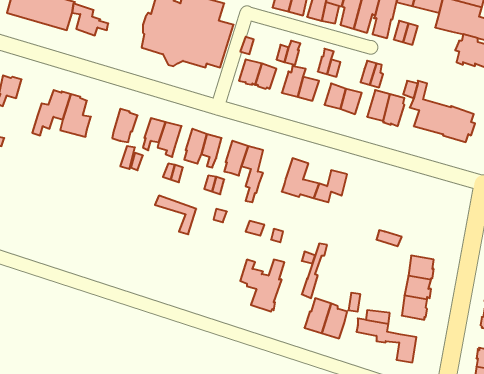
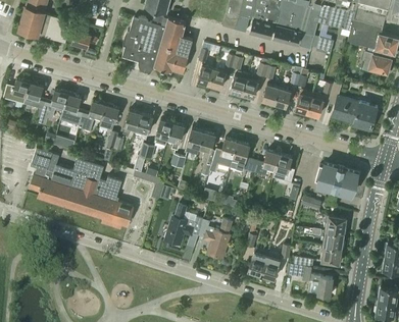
building: none -> [23,83,46,110]
building: none -> [79,102,106,130]
building: none -> [209,140,238,173]
building: none -> [29,148,134,230]
building: none -> [272,155,294,184]
building: none -> [315,165,358,196]
building: none -> [164,205,203,247]

